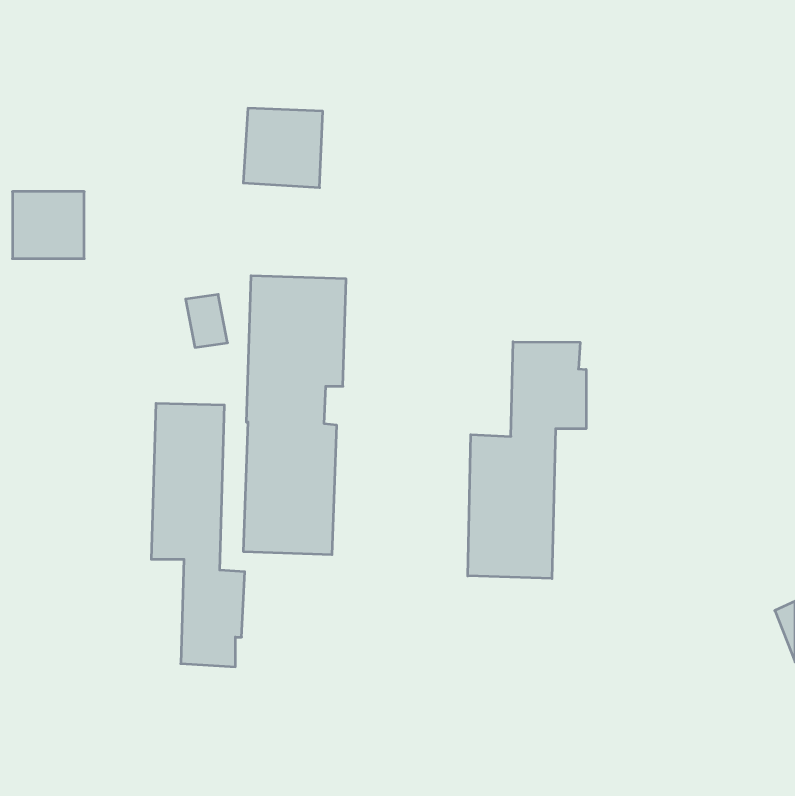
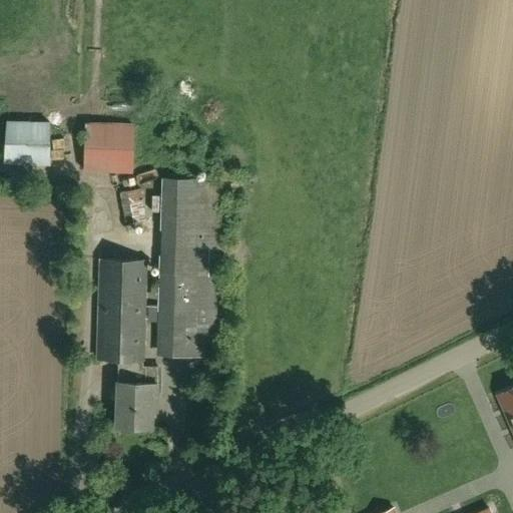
building: [243,108,323,188] -> [82,123,133,174]
building: [468,342,586,579] -> none

